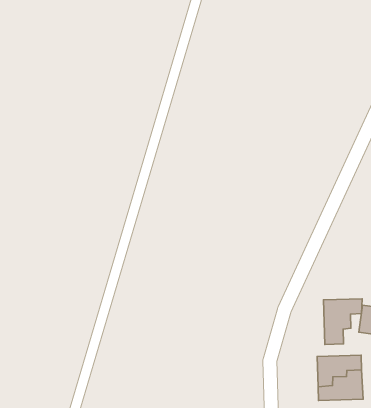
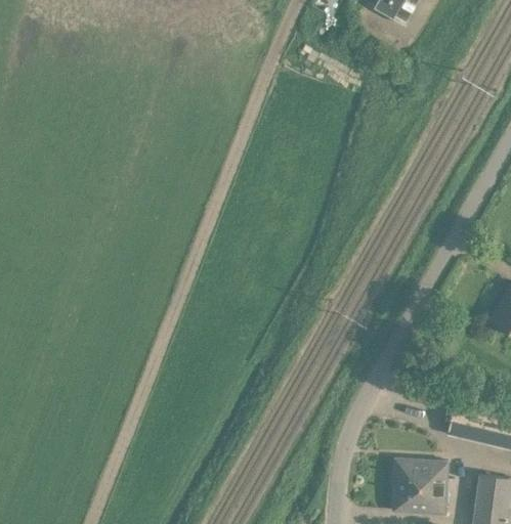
building: [324,299,362,344] -> none

